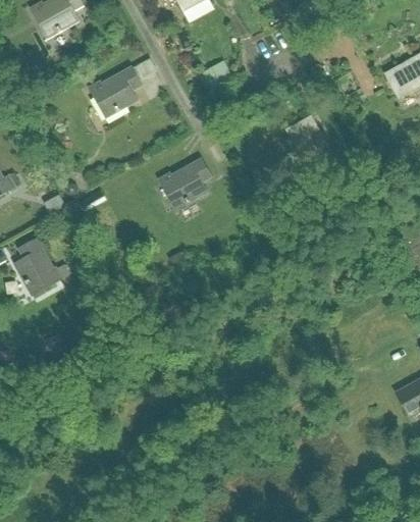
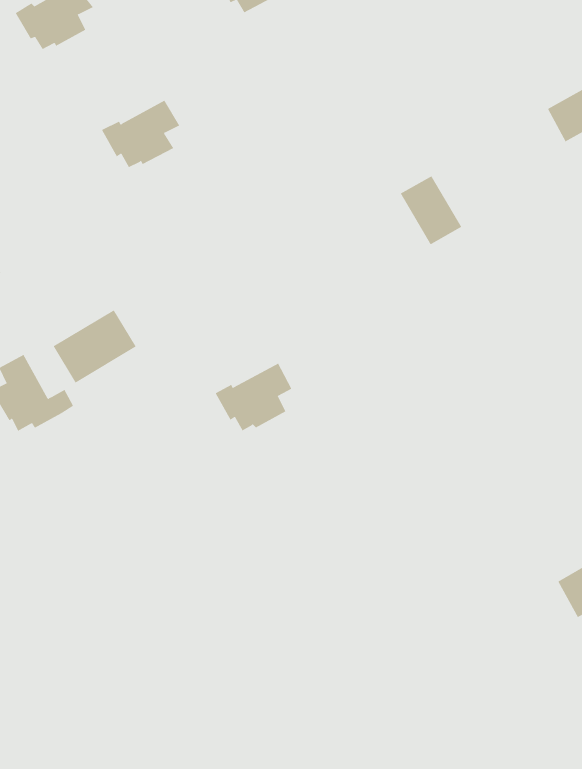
building: [159,159,211,205] -> [215,363,292,431]
building: none -> [53,309,136,383]

